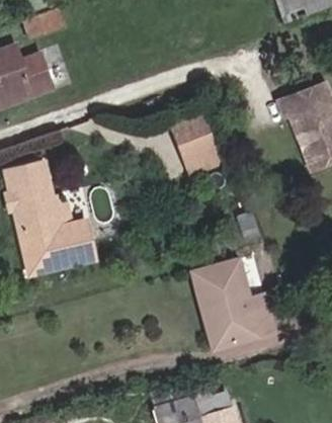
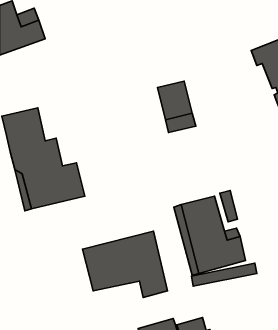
building: none -> [83,231,168,298]

